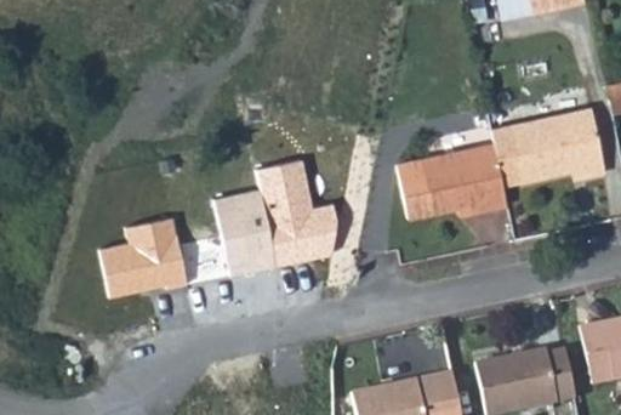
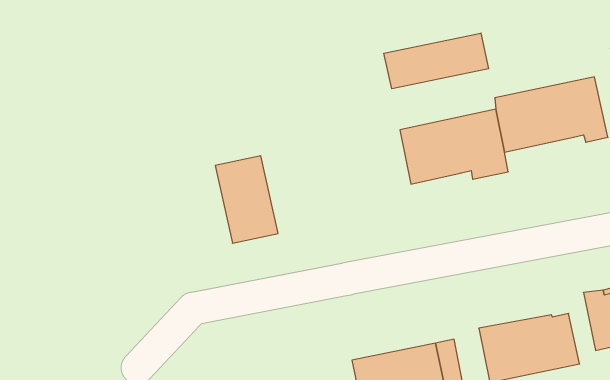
building: none -> [384,33,489,89]
building: [257,160,338,267] -> none
building: [104,220,188,300] -> none

